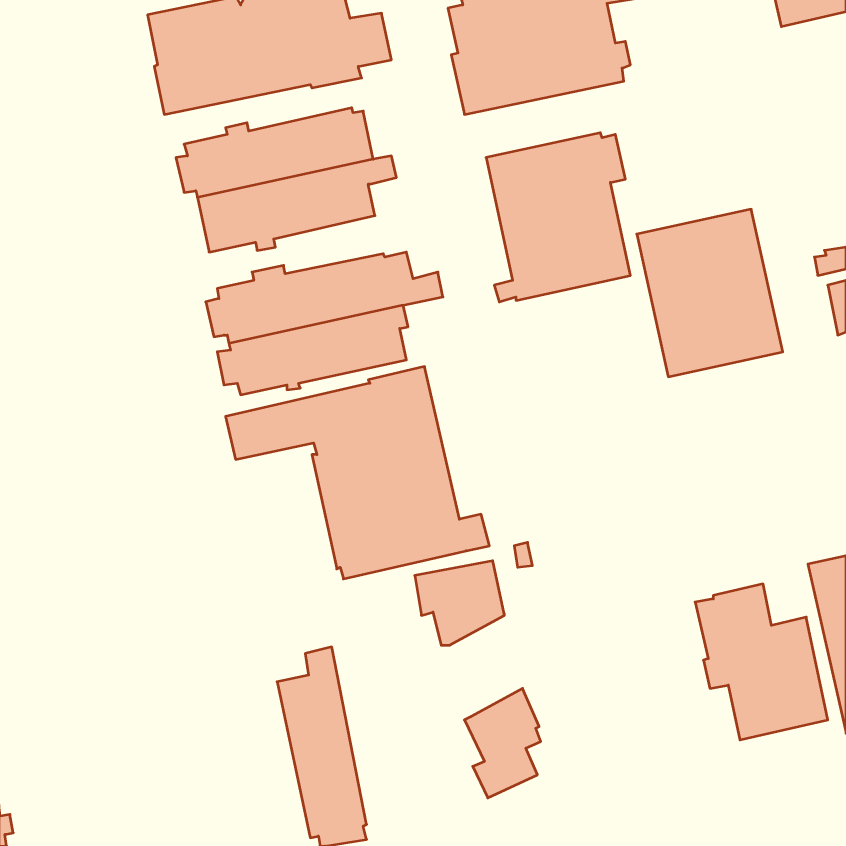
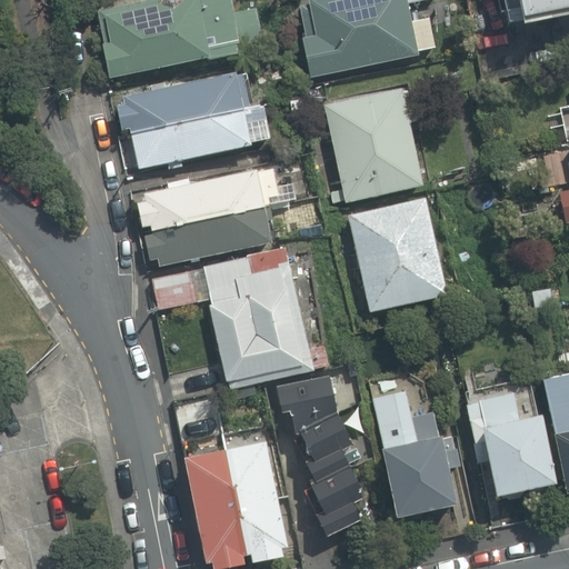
building: [637,209,783,377] -> [349,198,447,310]
building: none -> [373,388,459,520]
building: none -> [301,412,352,480]
building: none -> [222,430,288,560]

